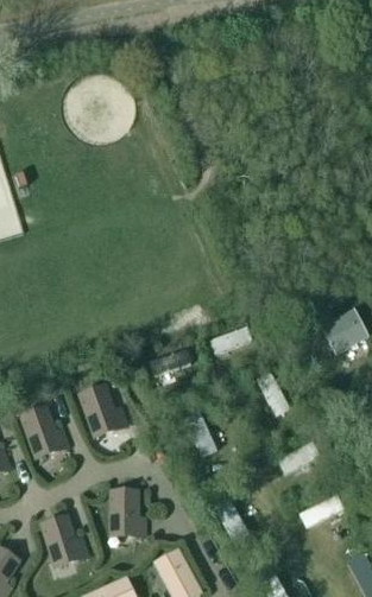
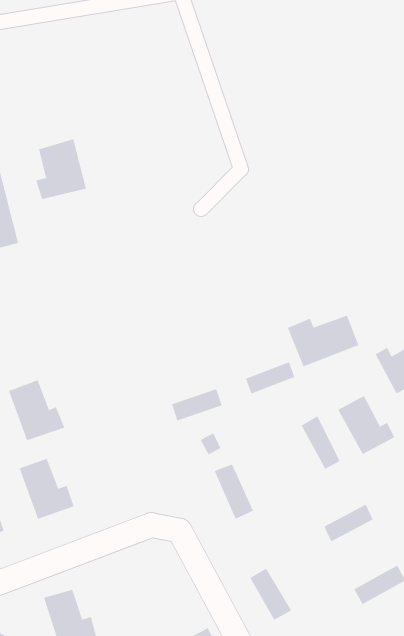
building: none -> [35,139,86,200]
building: none -> [287,315,359,367]
building: none -> [338,395,395,455]
building: [80,386,127,437] -> [8,380,65,441]
building: [112,491,145,536] -> none

